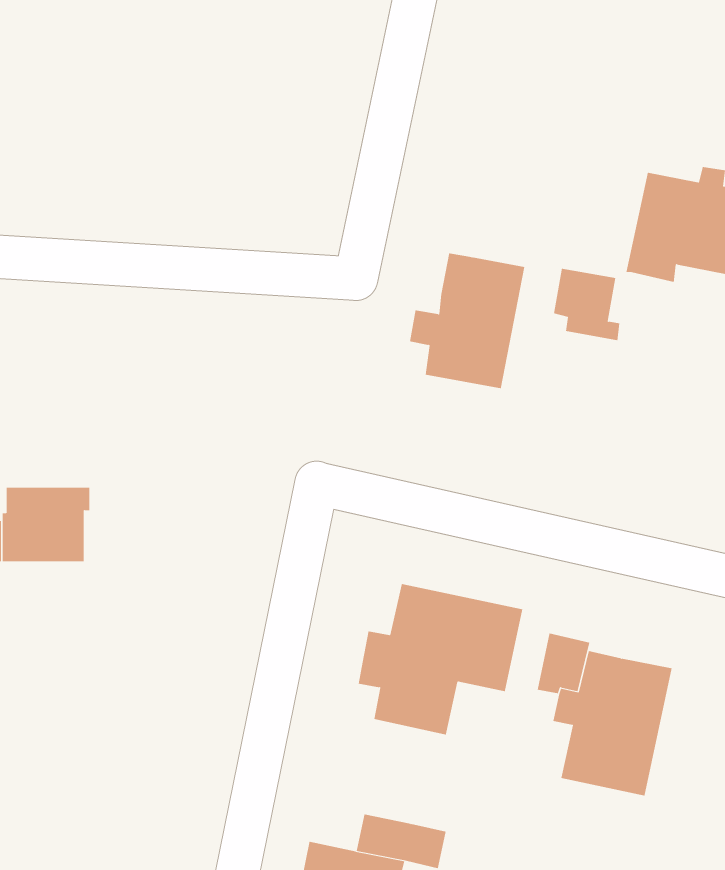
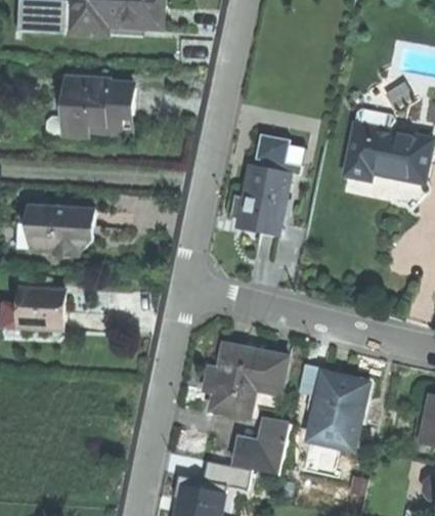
building: none -> [62,76,132,134]
building: [553,268,620,341] -> [257,137,292,175]
building: none -> [27,204,94,257]
building: none -> [231,418,291,475]

